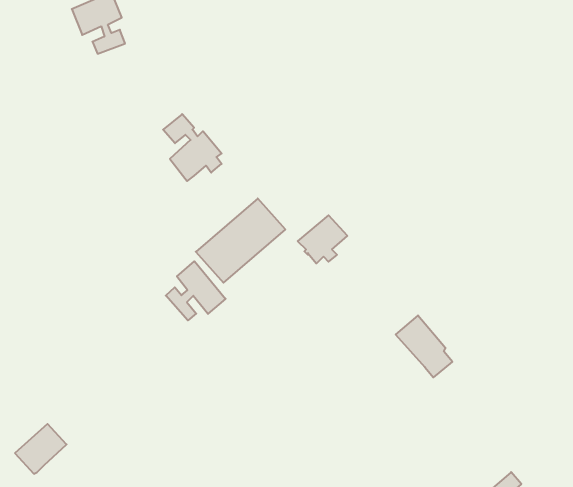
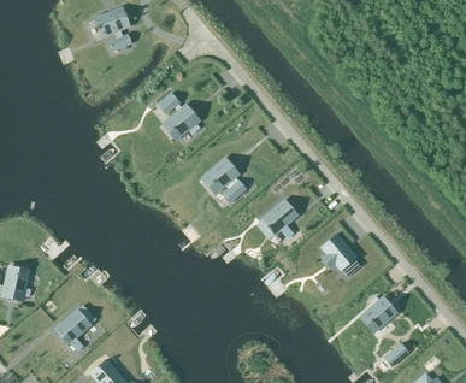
building: [298,215,347,263] -> [263,200,297,234]
building: [166,261,226,320] -> none
building: none -> [360,296,396,332]

